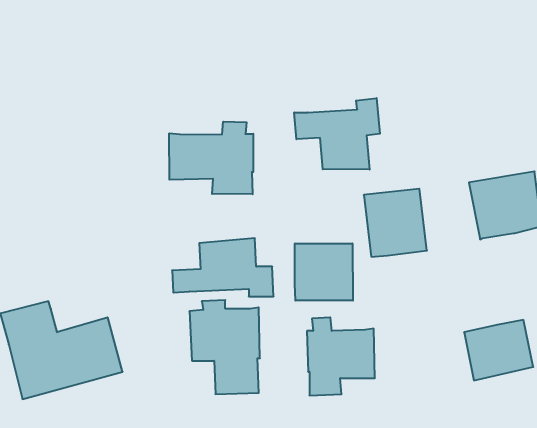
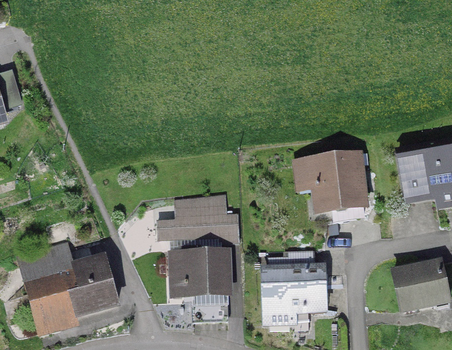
building: [294,98,380,170] -> none
building: [169,122,253,194] -> none
building: [295,243,353,301] -> none

